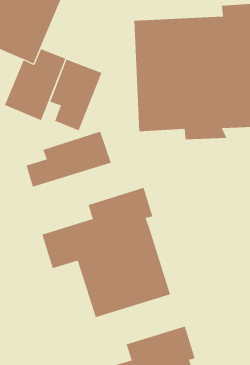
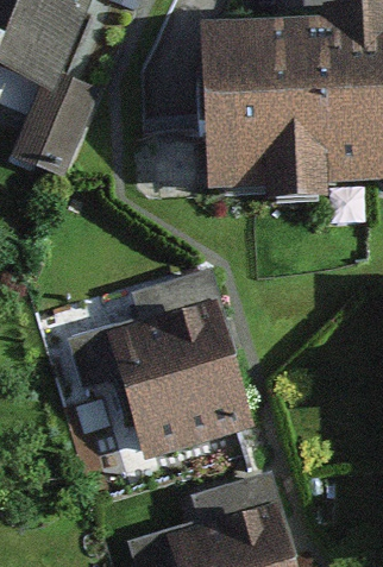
building: [50,59,102,131] -> none
building: [26,131,111,188] -> none

